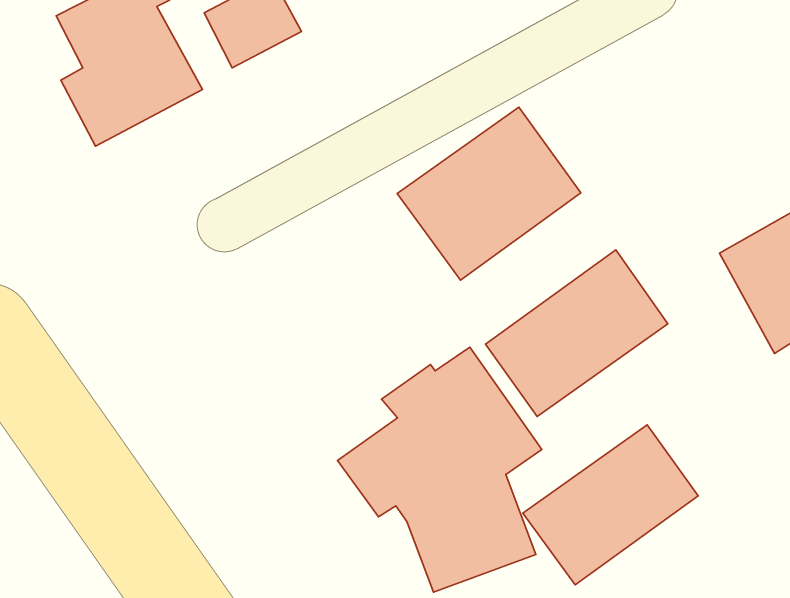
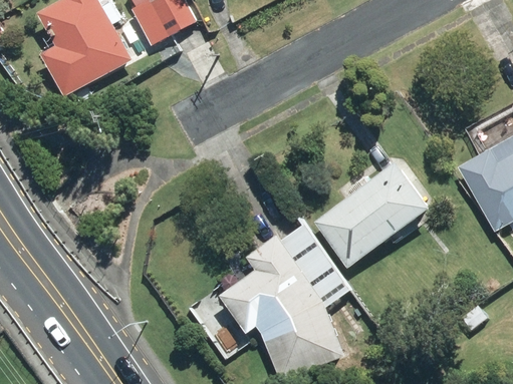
building: [397,107,581,280] -> none
building: [523,425,698,585] -> none

